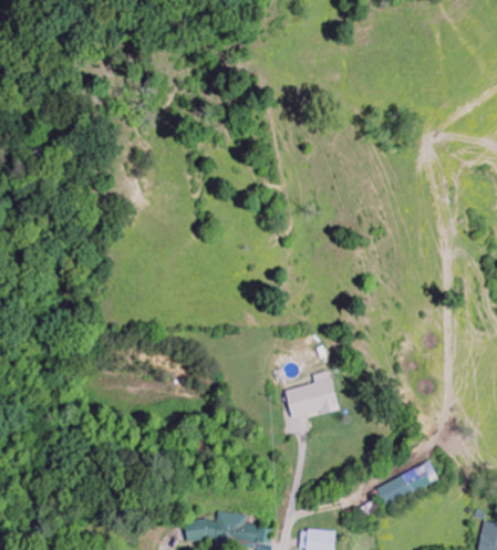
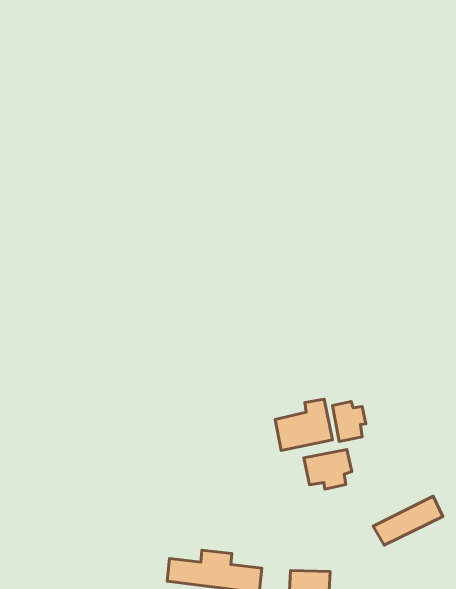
building: none -> [332,401,366,441]
building: none -> [304,450,352,489]

